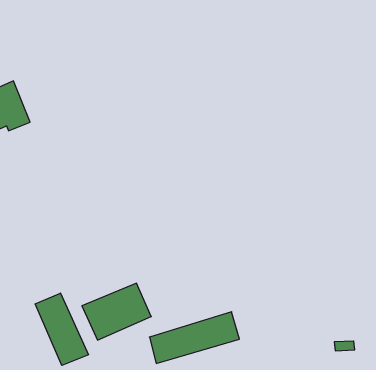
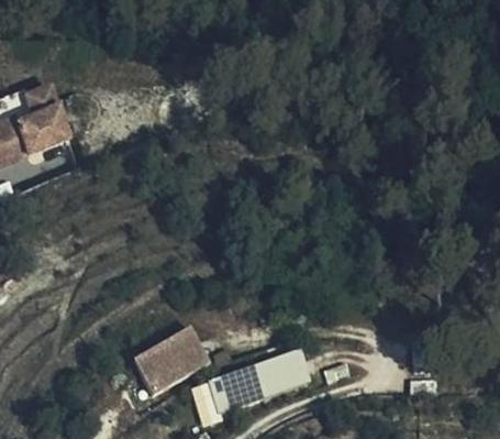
building: [35,293,88,365] -> none

